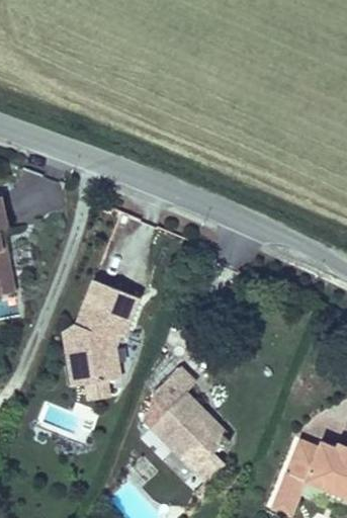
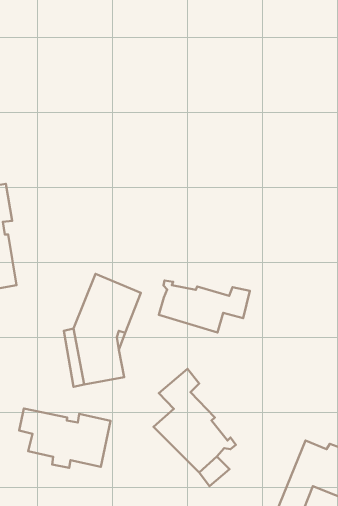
building: none -> [159,280,250,333]
building: none -> [19,408,111,468]

